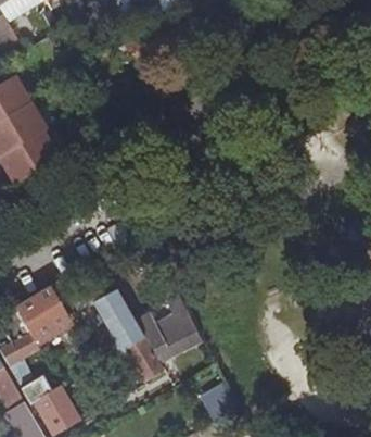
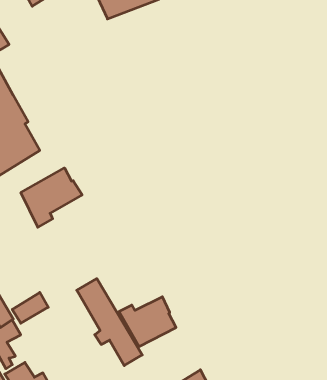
building: none -> [21,168,82,227]

